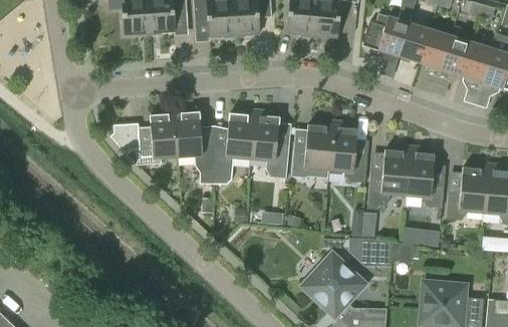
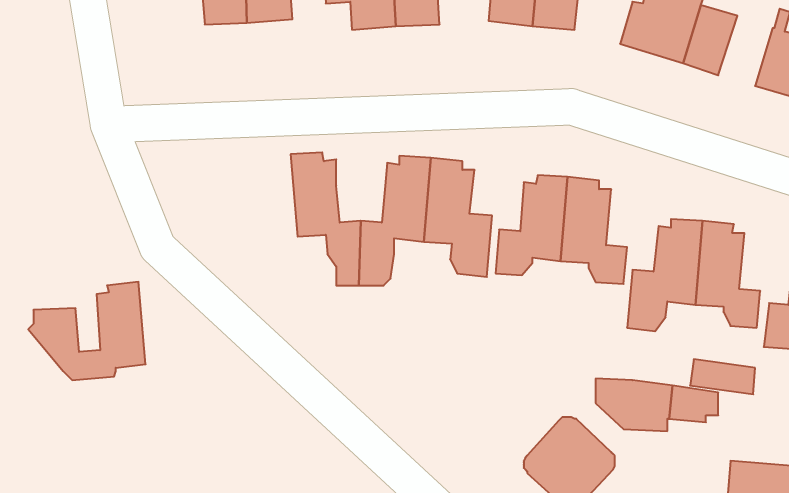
building: [419,29,450,69] -> none
building: [110,108,178,165] -> [28,282,146,380]
building: [355,210,379,232] -> none

